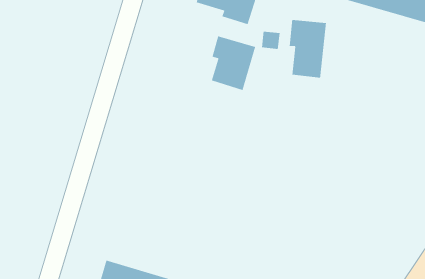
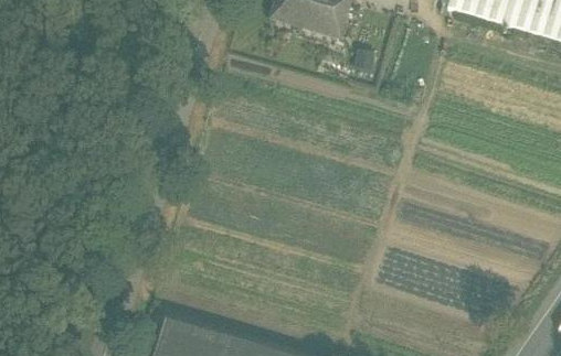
building: [289,19,326,79] -> none
building: [211,36,256,91] -> none

